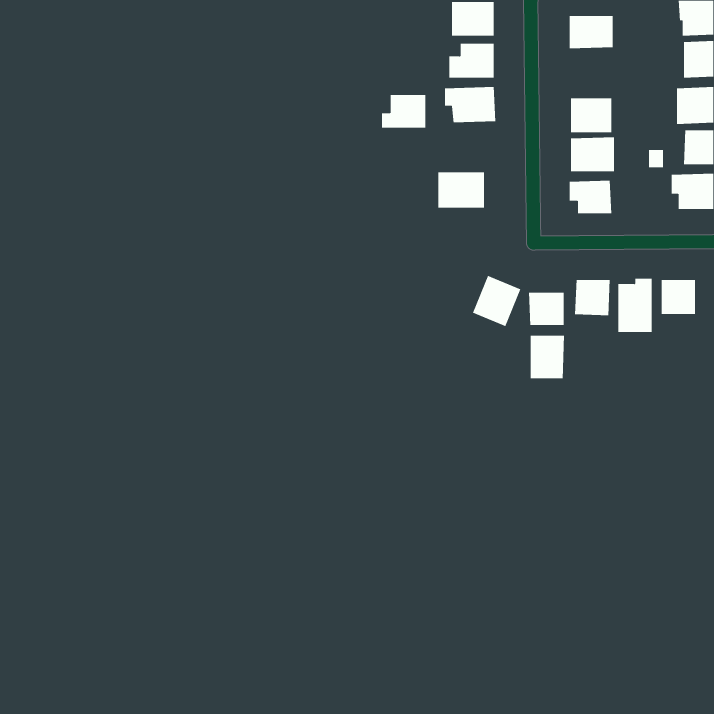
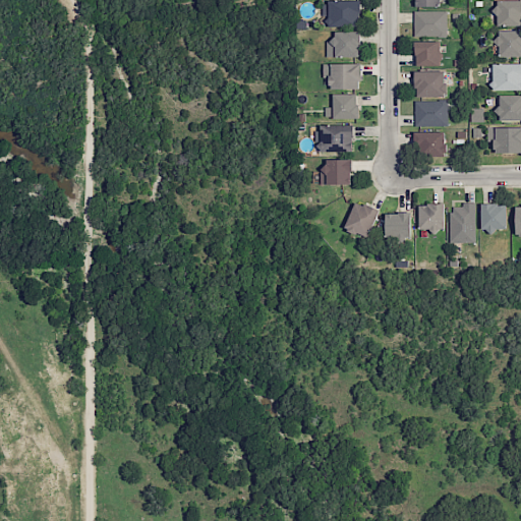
building: none -> [415,42,441,66]
building: [381,95,426,128] -> [326,94,358,118]
building: none -> [321,159,351,184]
building: [530,335,564,379] -> none

